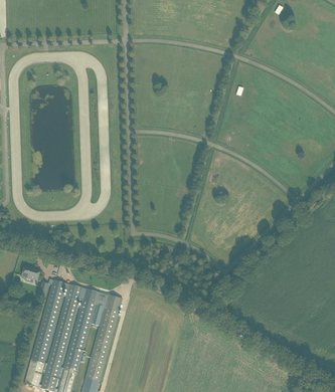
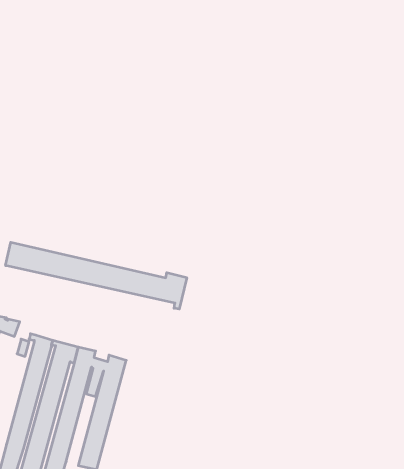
building: none -> [6,242,187,309]

